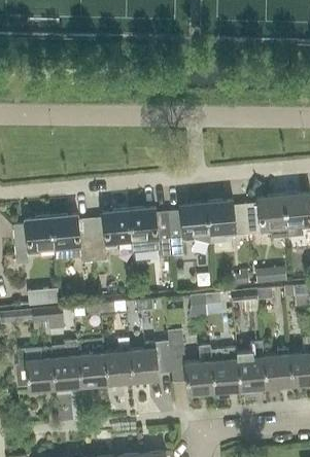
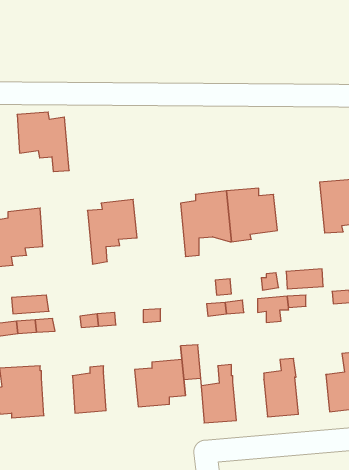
building: [246,196,288,240] -> none
building: [130,208,173,258] -> none
building: [53,215,96,265] -> [17,112,69,172]
building: [105,340,134,385] -> none
building: [53,341,81,389] -> none
building: [211,349,241,393] -> none
building: [264,349,292,388] -> none

